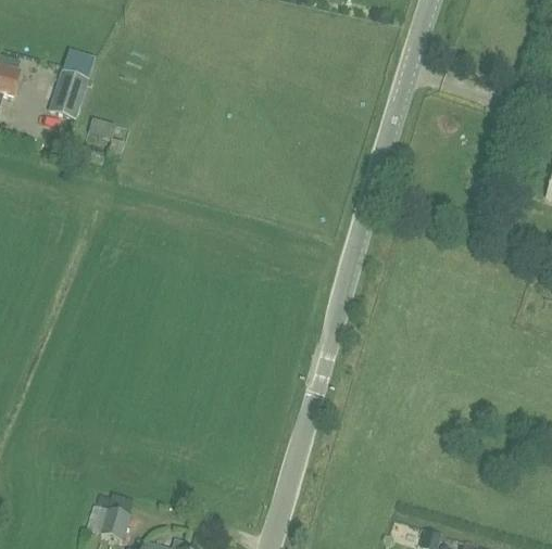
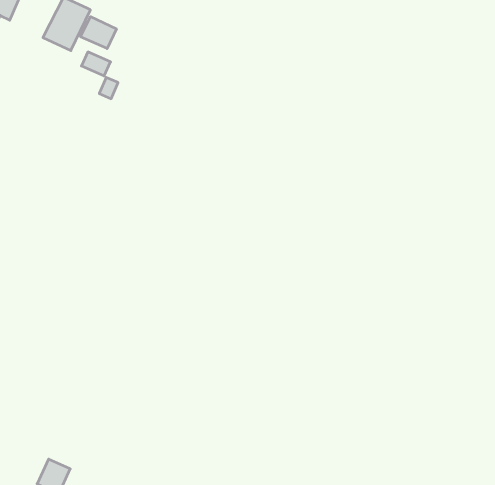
building: none -> [81,17,116,49]

